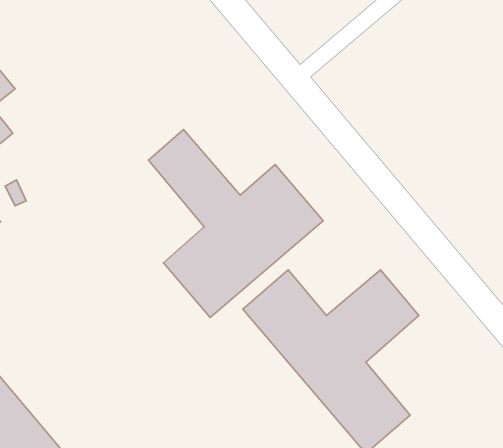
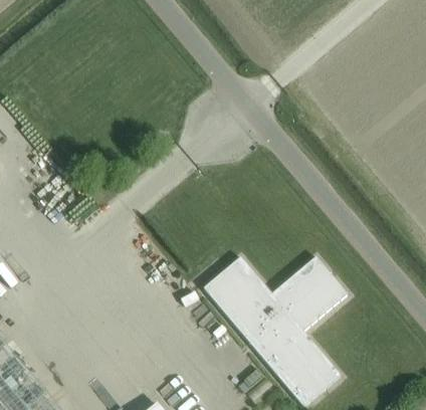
building: [148,129,323,318] -> none

